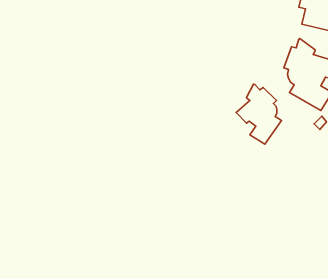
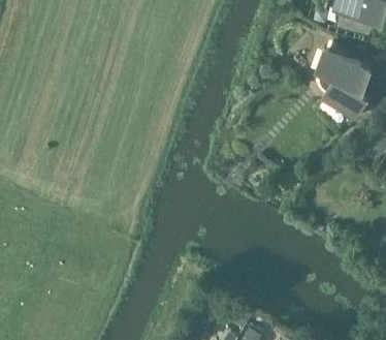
building: [236,84,281,144] -> none

